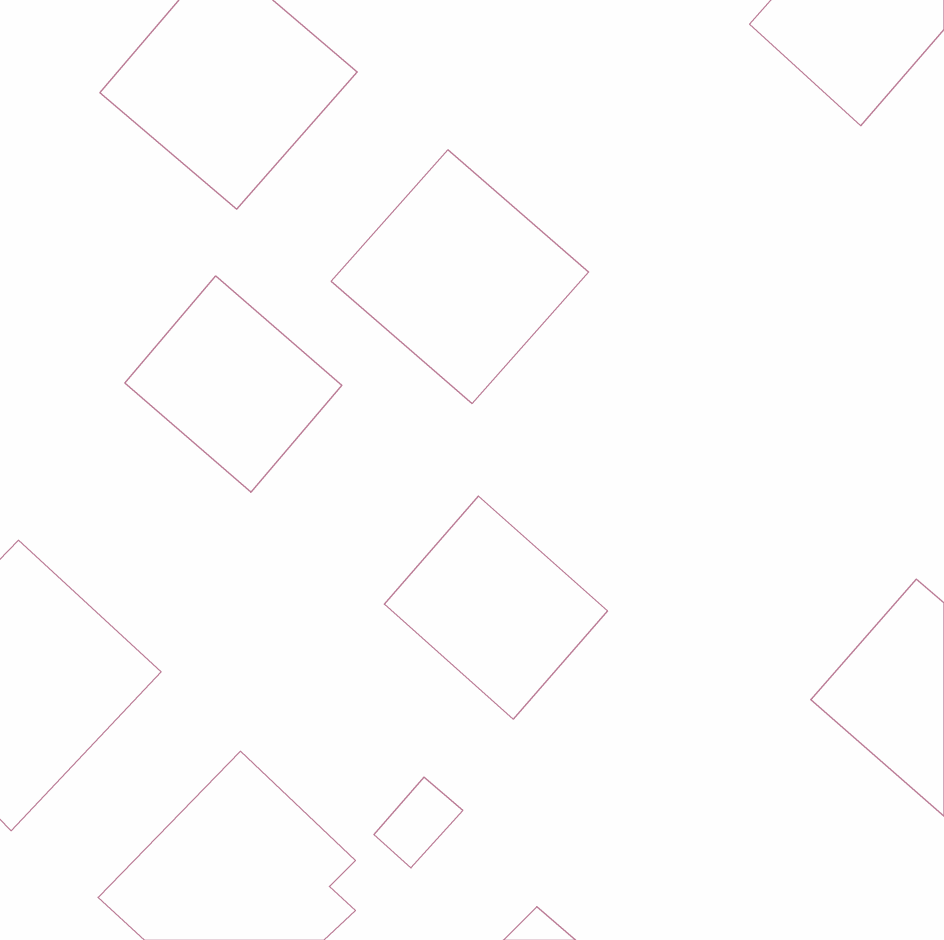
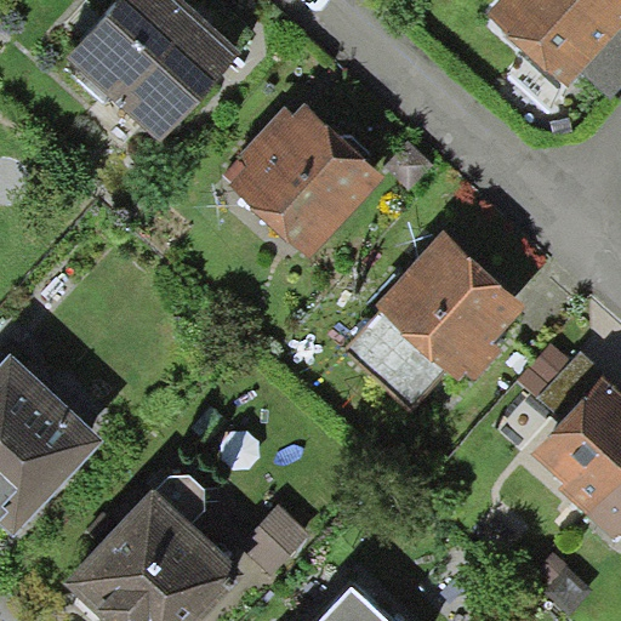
building: [125,276,342,492] -> none
building: none -> [370,229,529,387]
building: [384,496,607,719] -> none

